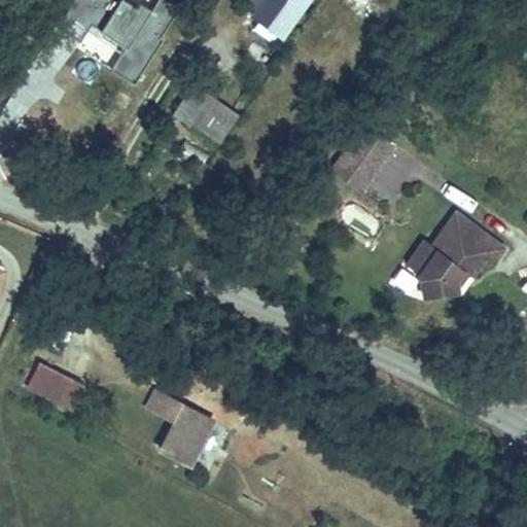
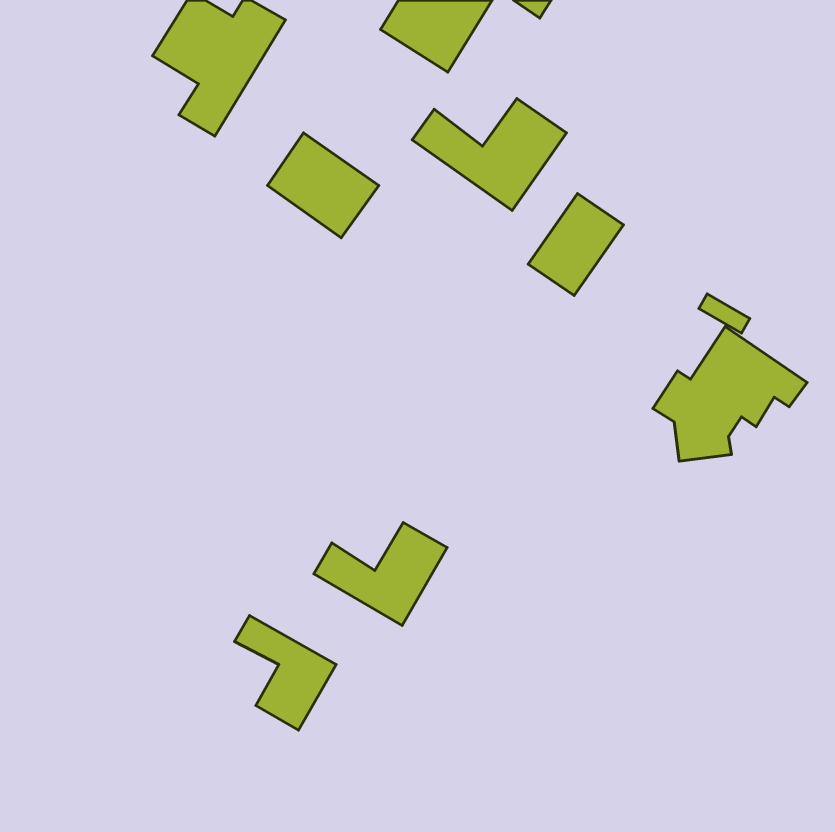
building: none -> [412,98,566,211]
building: none -> [314,522,447,626]
building: [24,355,78,405] -> none

